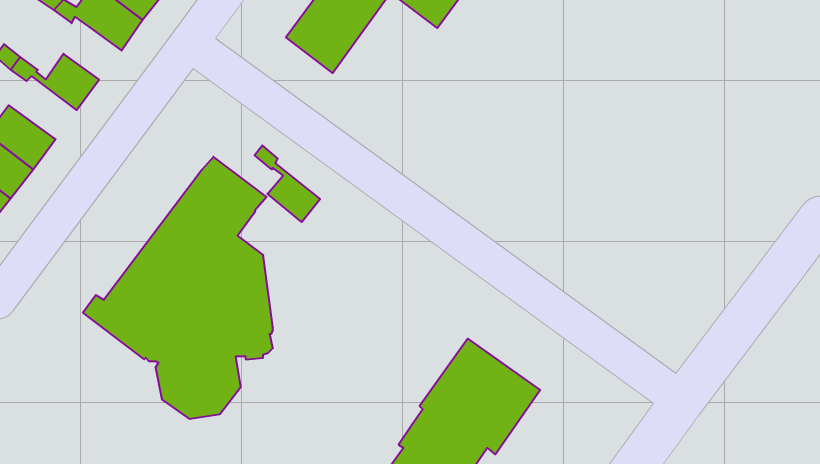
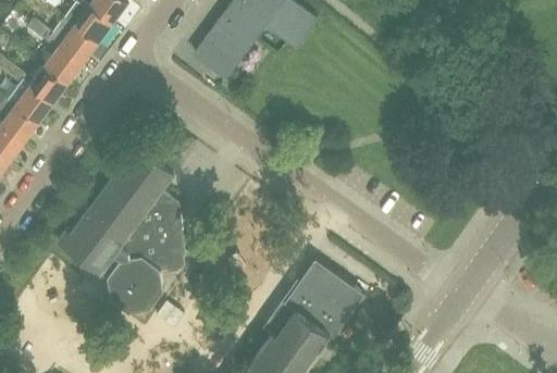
building: none -> [44,48,83,85]
building: none -> [7,83,52,125]
building: [255,145,320,222] -> none

